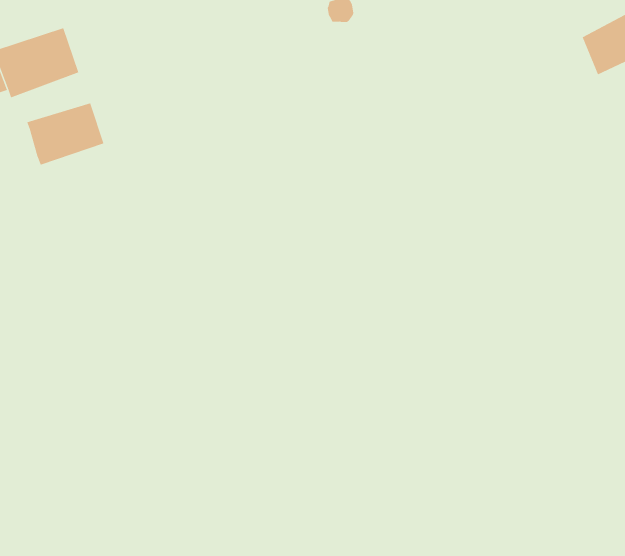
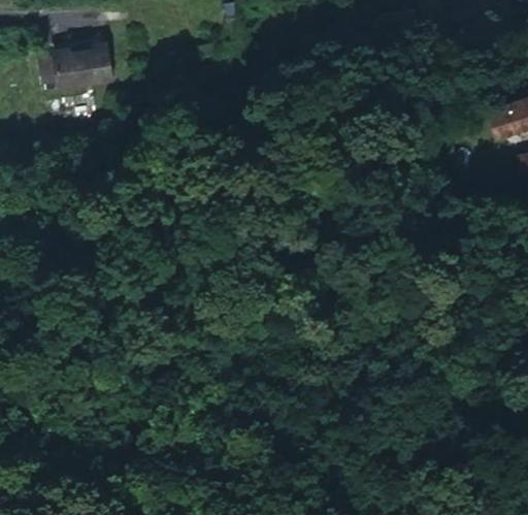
building: [27,103,104,166] -> none

